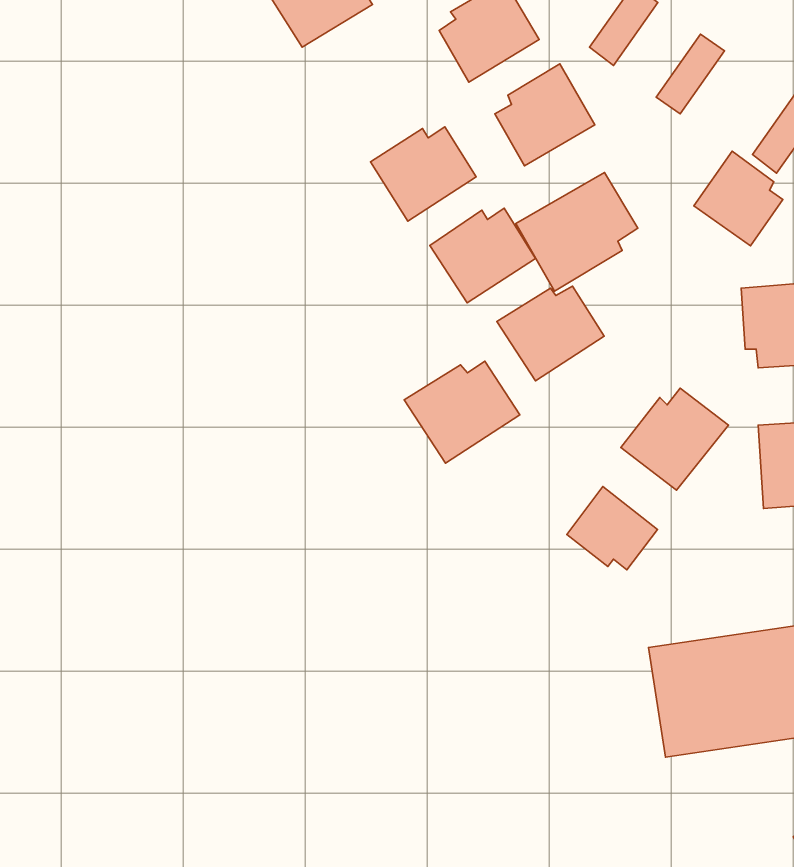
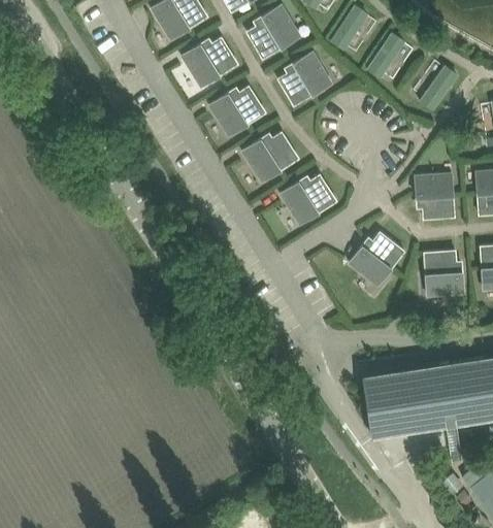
building: none -> [179,37,238,89]
building: [694,151,783,246] -> none
building: [516,172,638,291] -> none
building: [404,361,520,463] -> none
building: [567,487,658,570] -> none

